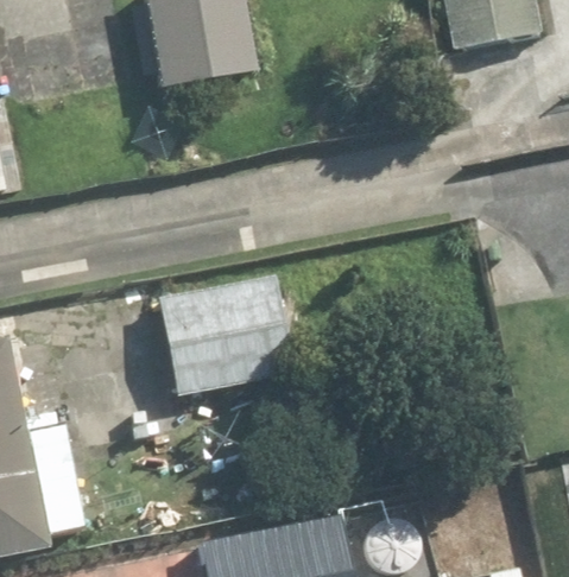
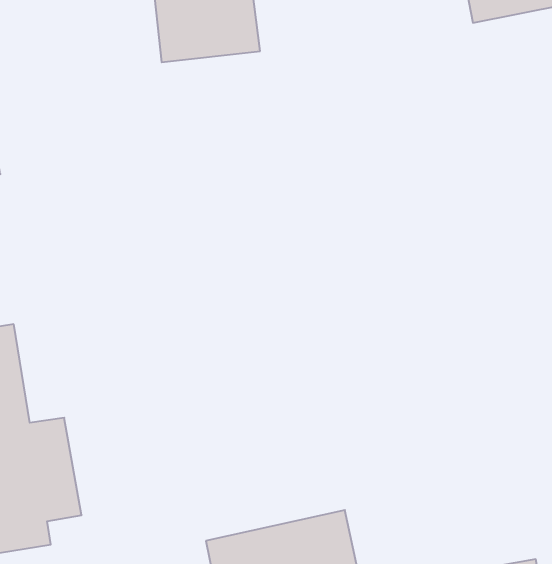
building: [154,278,292,394] -> none

